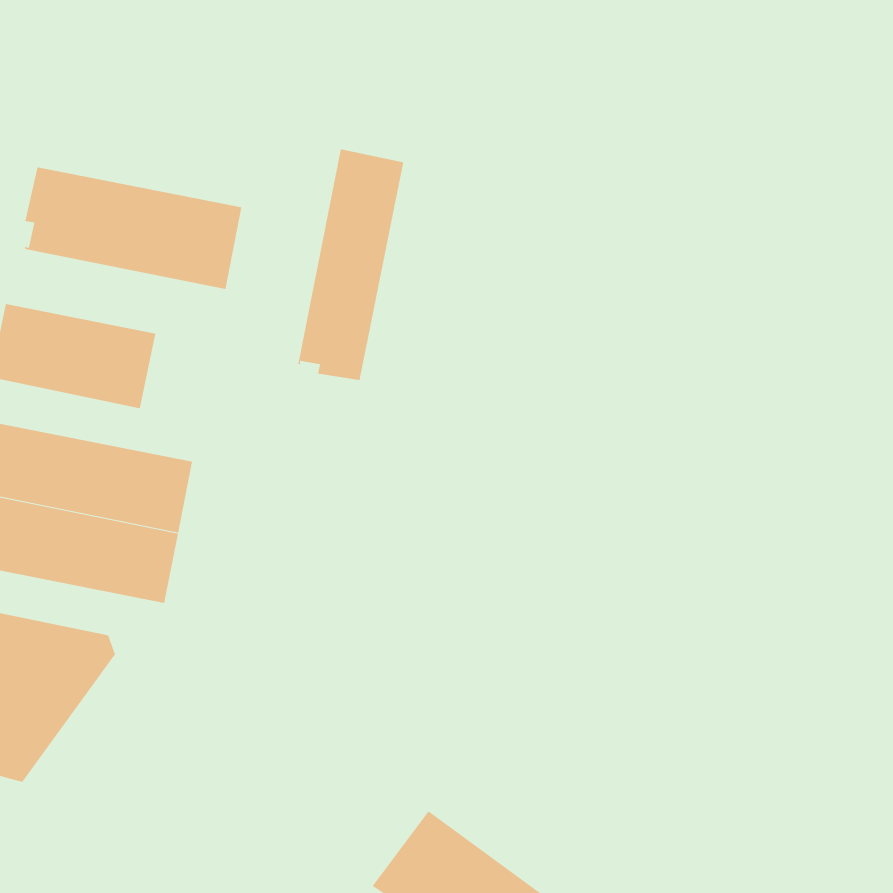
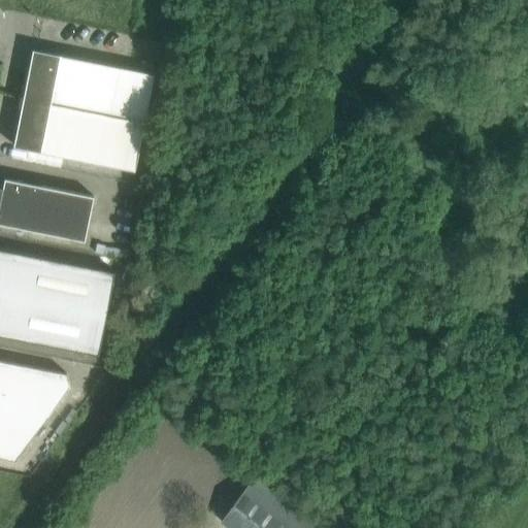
building: none -> [22,52,153,124]
building: [298,149,404,381] -> none

